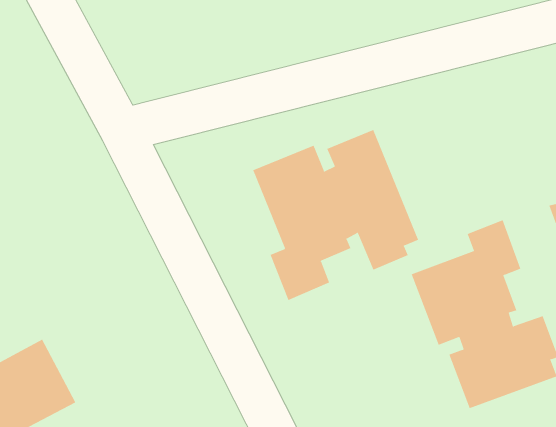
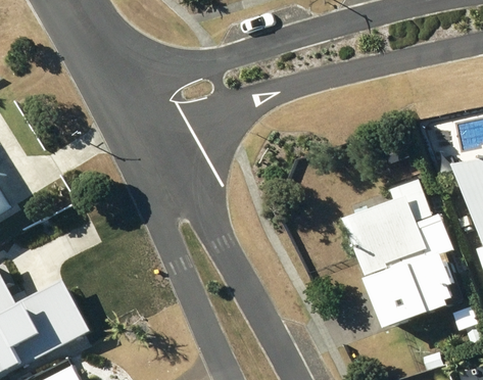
building: [252,129,419,301] -> none

